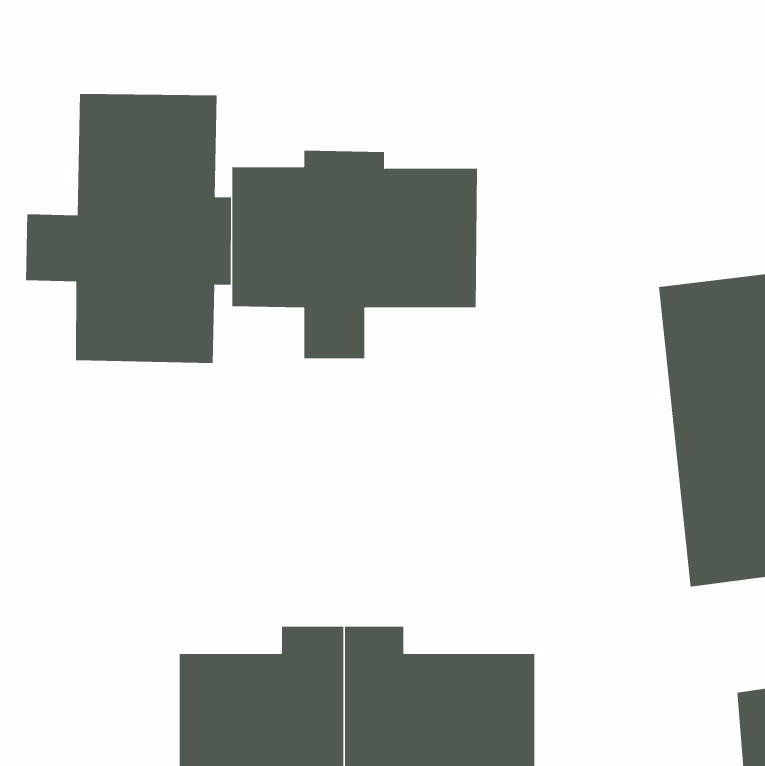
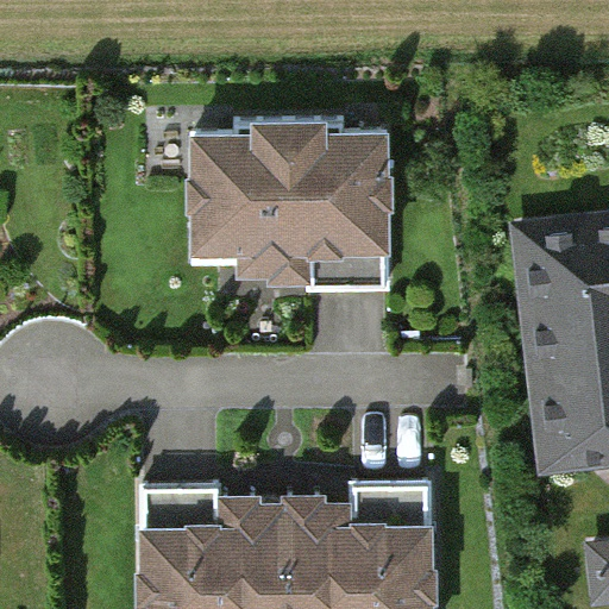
building: [25,93,231,364] -> none

